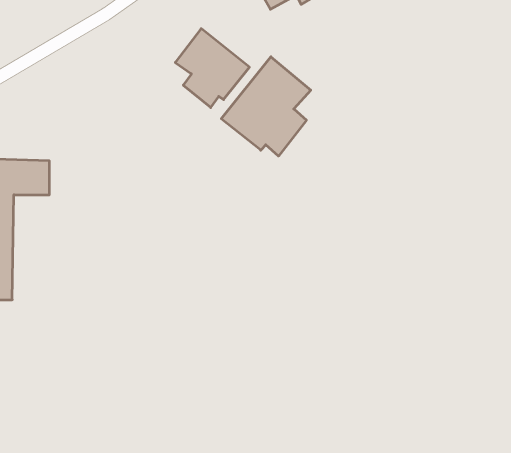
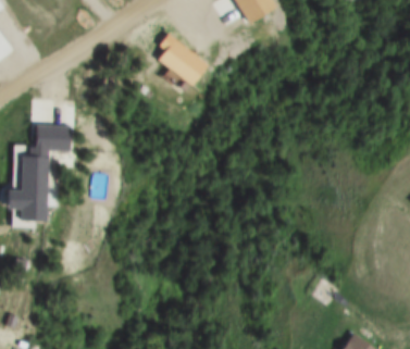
building: [221,57,311,156] -> none

